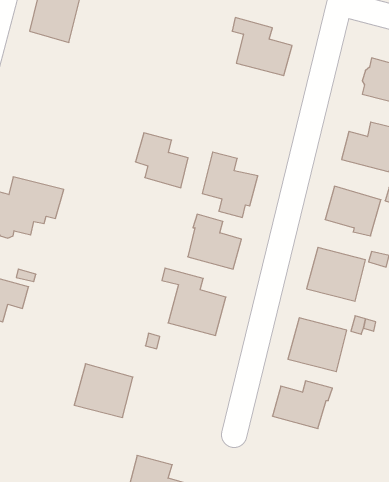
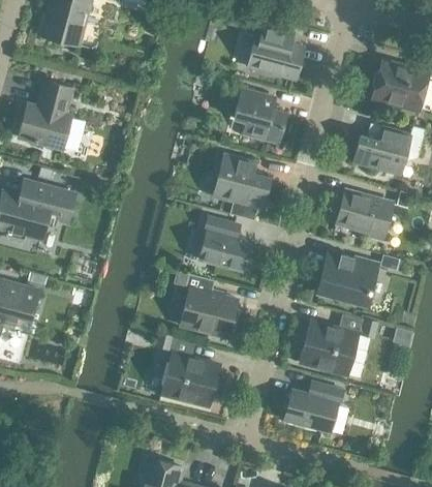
building: none -> [19,80,72,149]
building: [135,133,188,188] -> [234,89,286,144]
building: [74,364,133,417] -> [161,353,220,406]

